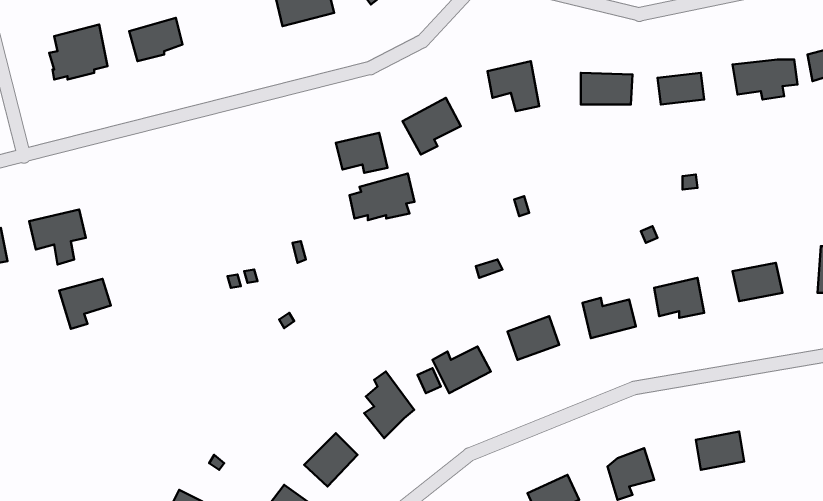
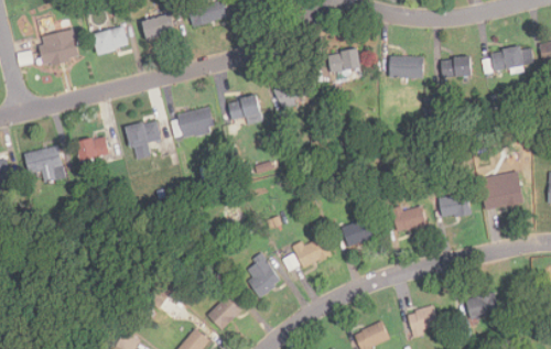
building: none -> [142,13,175,37]
building: none -> [126,120,162,159]
building: [350,173,415,220] -> [171,106,214,137]
building: [59,279,111,329] -> [76,135,110,168]

